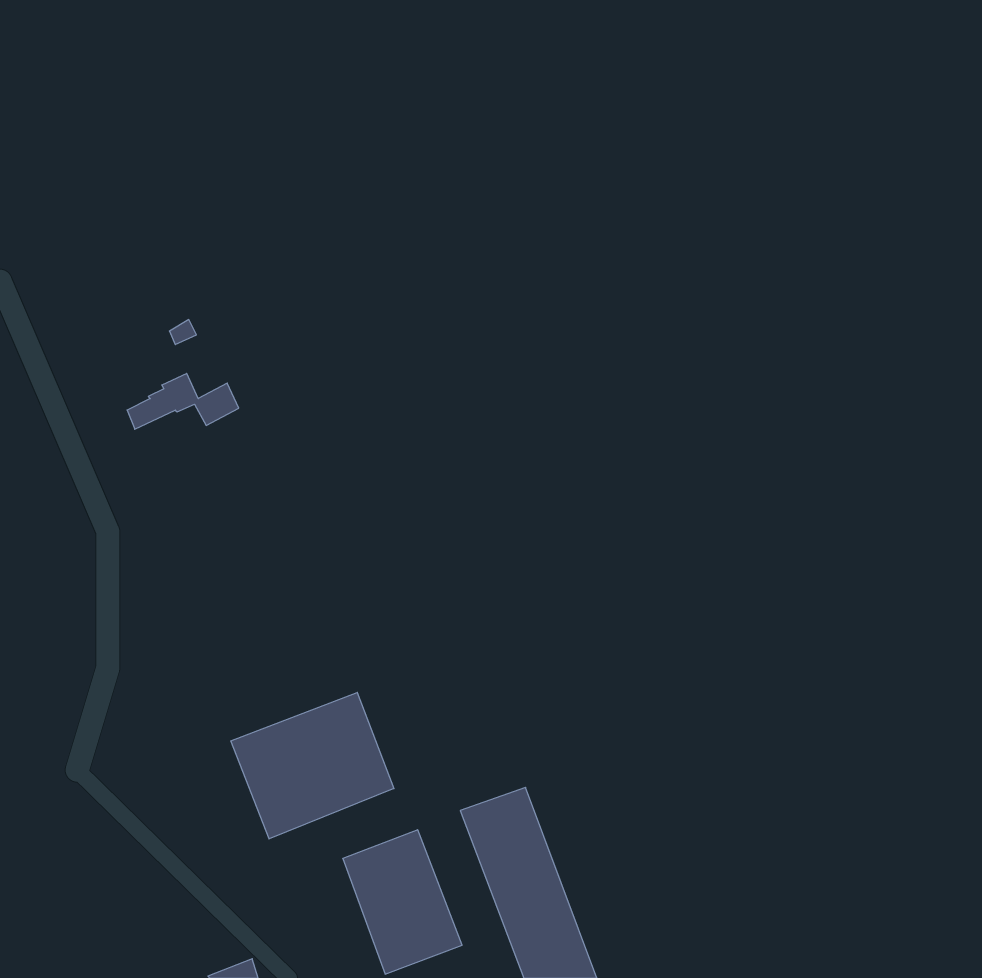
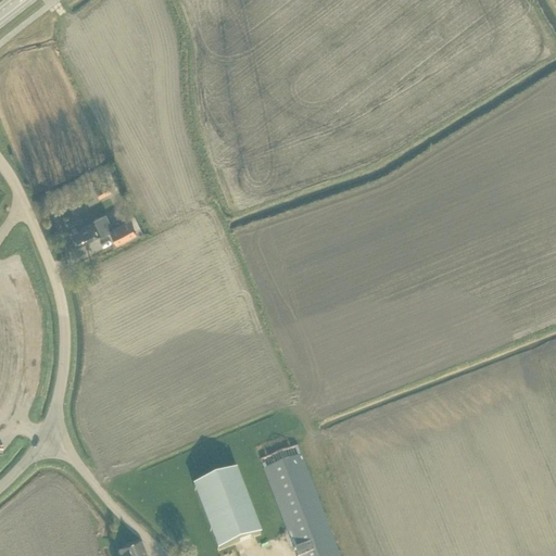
building: [231,692,394,839] -> none

